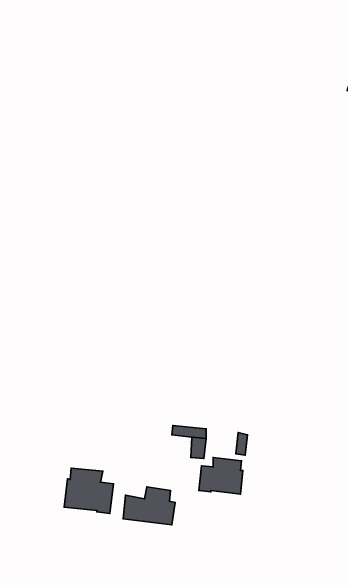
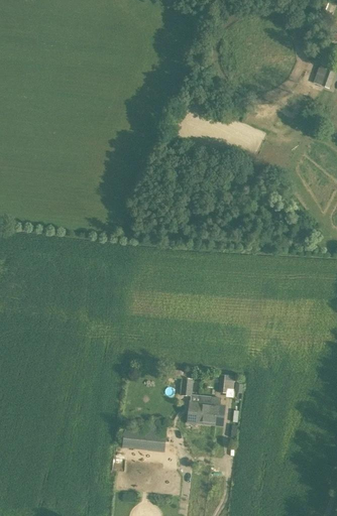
building: [64,468,114,513] -> none

